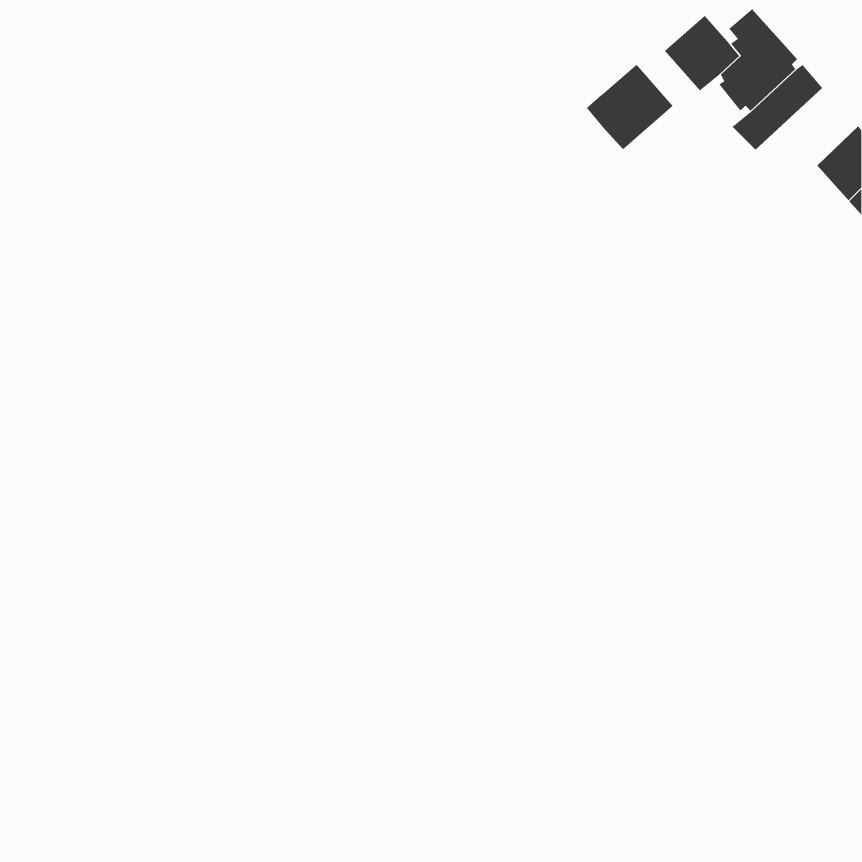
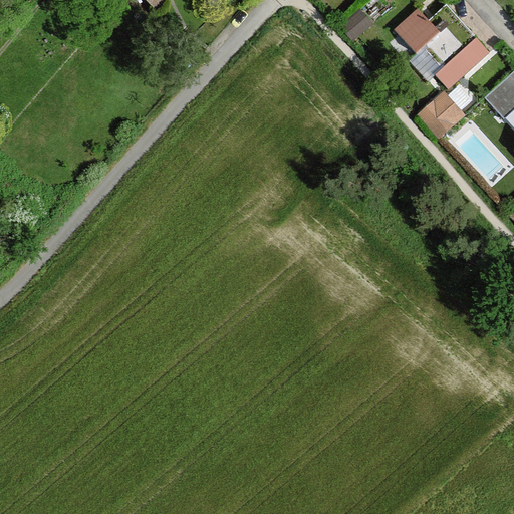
building: [586,64,674,150] -> none
building: none -> [421,94,463,137]

